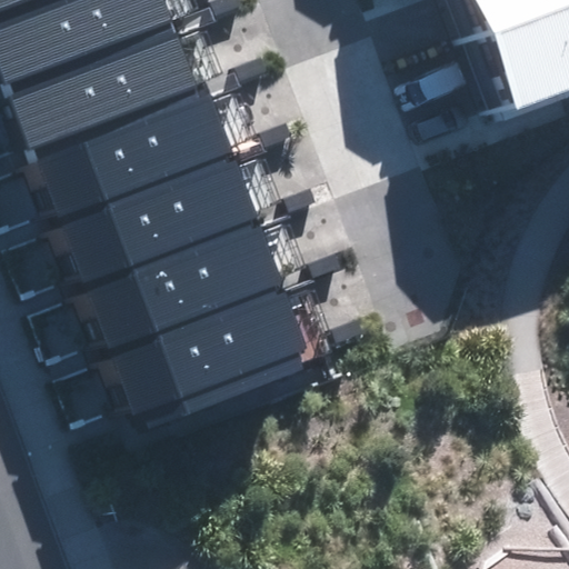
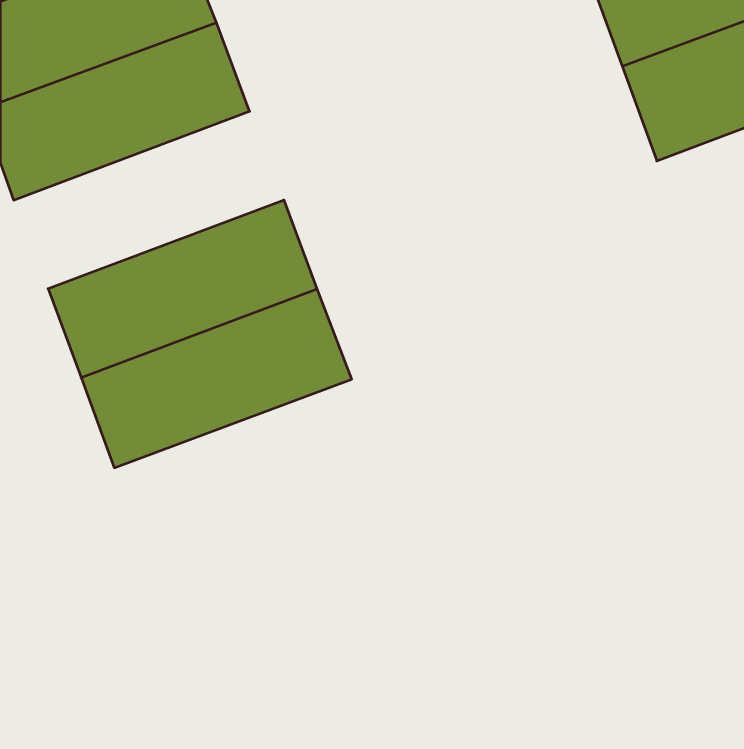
building: [28,82,228,213] -> none
building: [102,280,302,411] -> none

